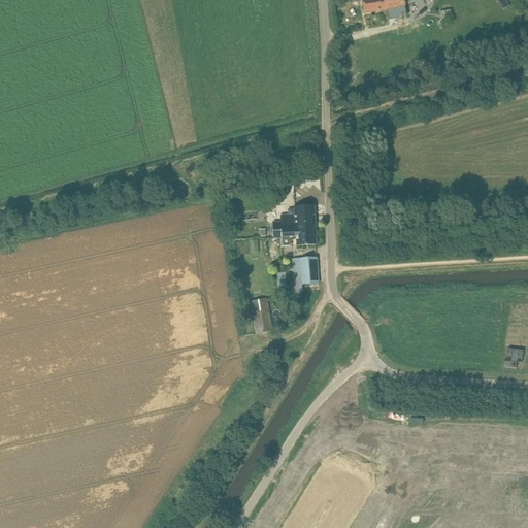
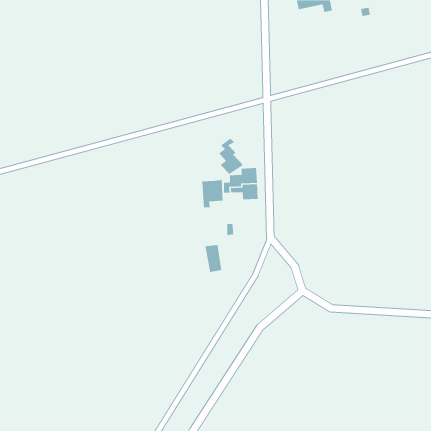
building: none -> [218,138,244,175]
building: [291,256,318,291] -> [201,179,223,208]

